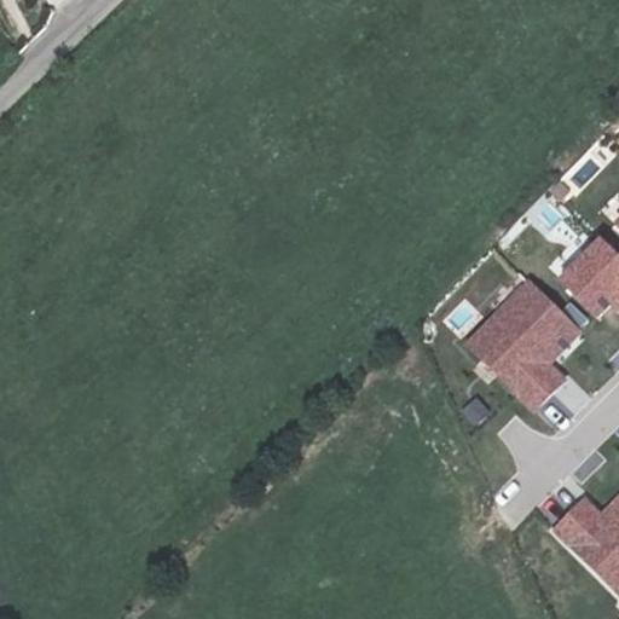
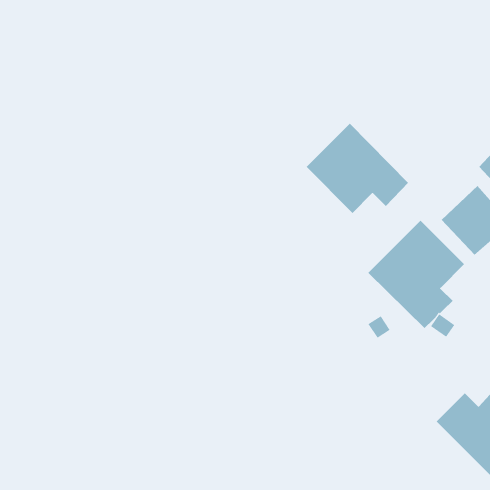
building: none -> [306,123,409,214]

